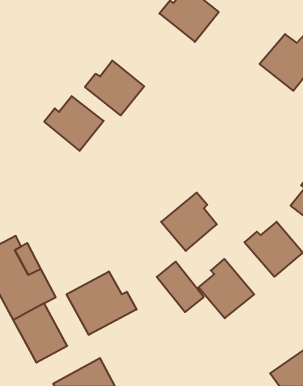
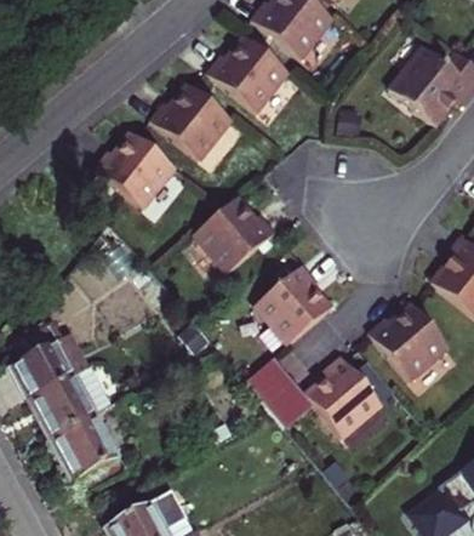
building: none -> [207,36,289,112]
building: none -> [195,196,276,273]
building: [67,271,137,335] -> none

